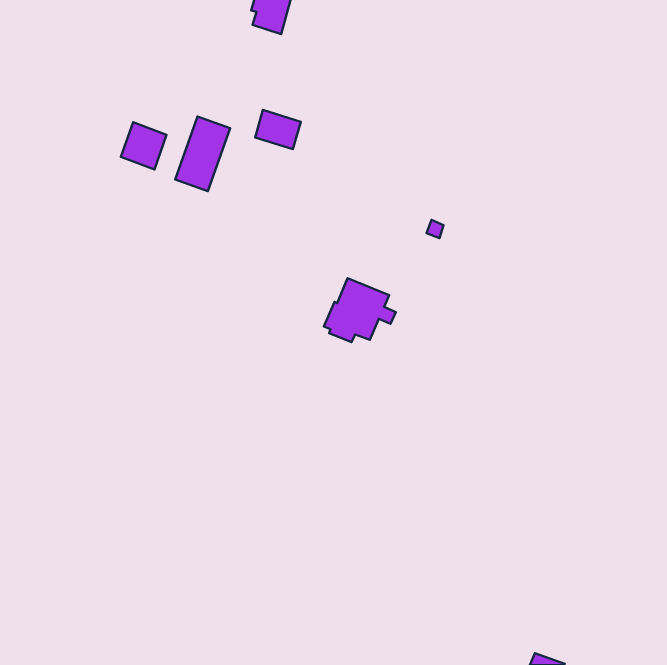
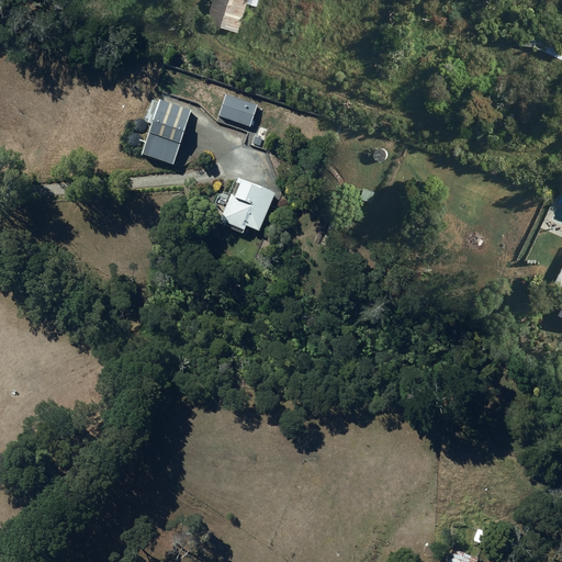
building: [121,122,167,169] -> none
building: [324,278,396,342] -> [215,179,276,233]

